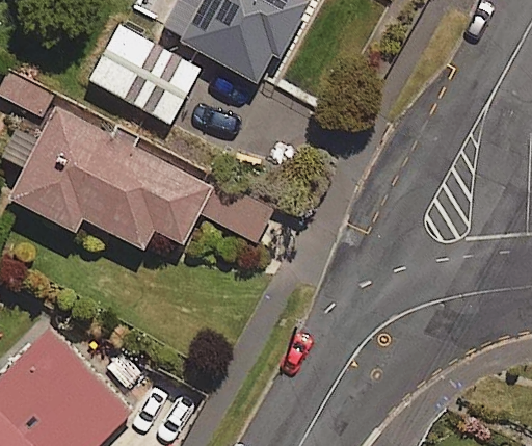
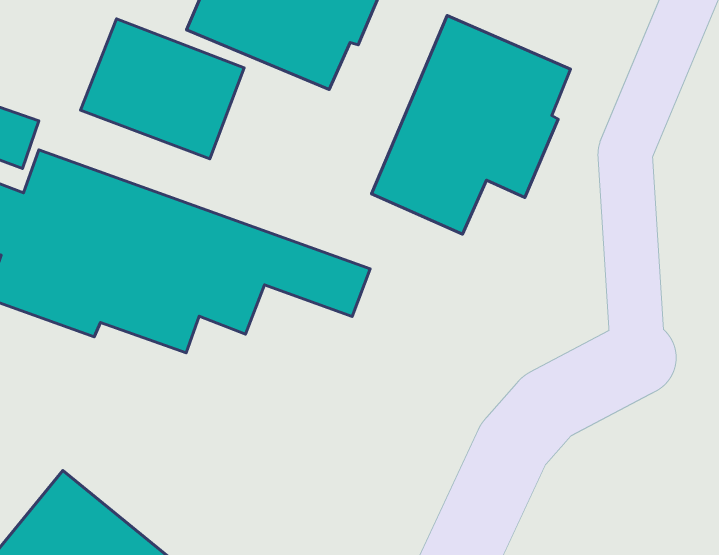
building: none -> [371,15,571,234]

